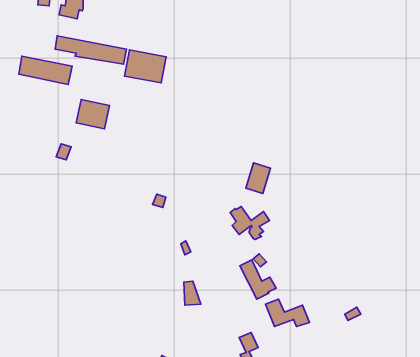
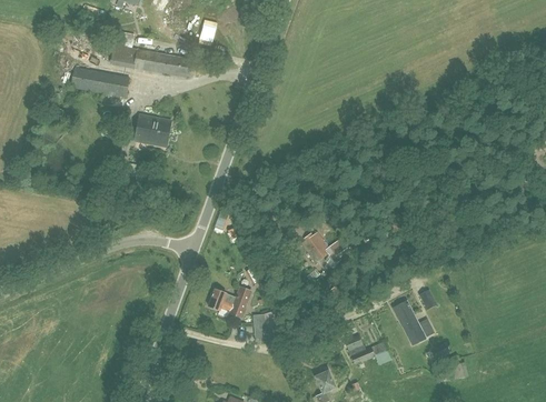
building: [125,50,166,83] -> none
building: [246,163,271,193] -> none
building: none -> [208,287,251,318]
building: [240,260,276,299] -> [394,301,434,344]

